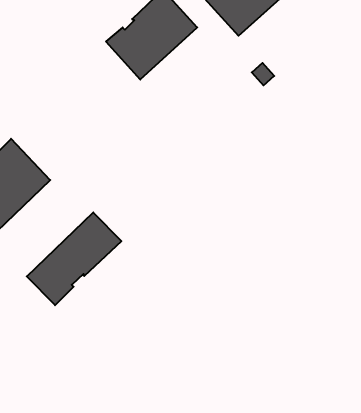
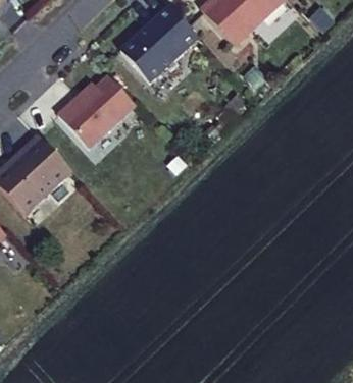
building: none -> [56,74,135,147]
building: [27,212,121,305] -> none

